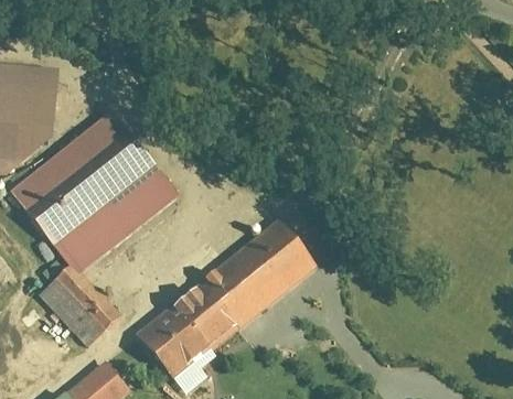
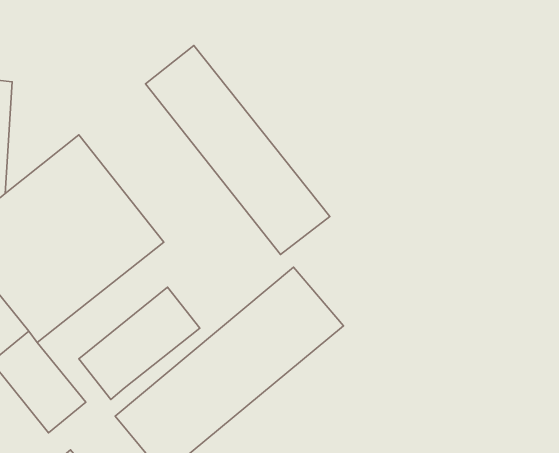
building: none -> [146,45,330,254]
building: none -> [79,287,200,400]

